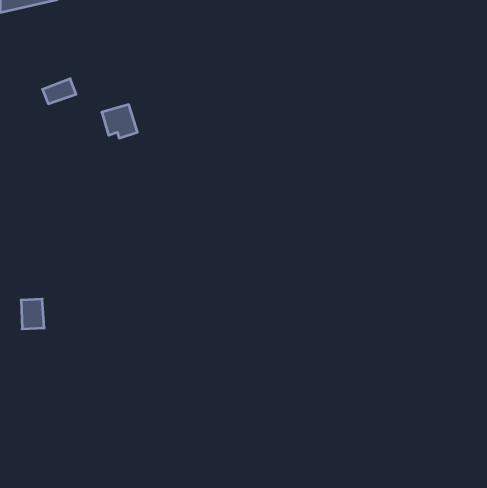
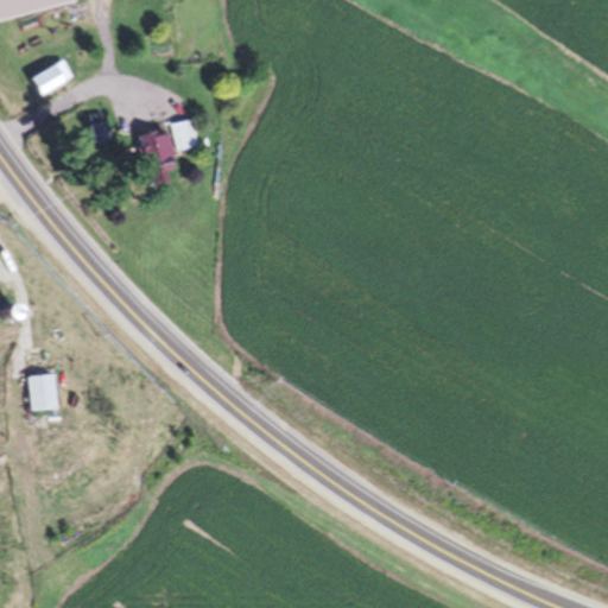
building: [42,79,76,104] -> [31,58,72,89]
building: none -> [172,115,201,148]

